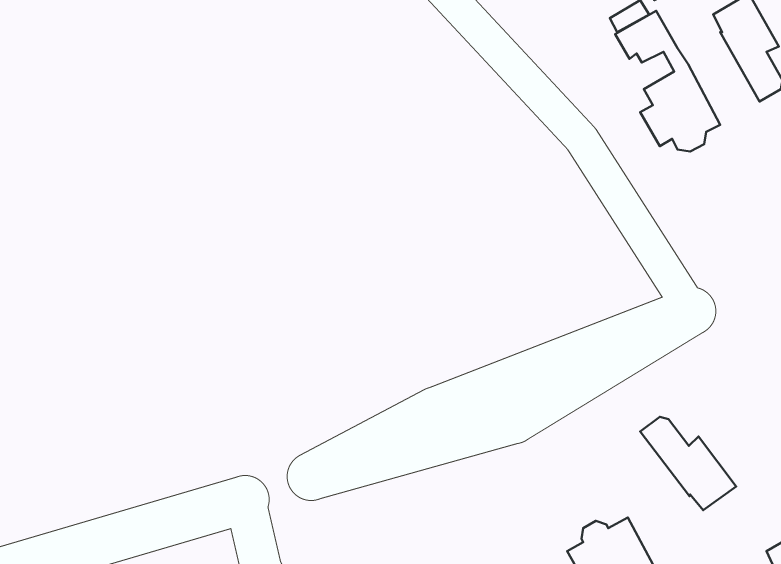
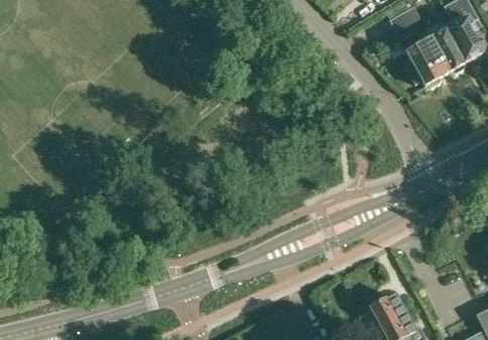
building: none -> [424,20,471,75]
building: [640,417,736,510] -> none

